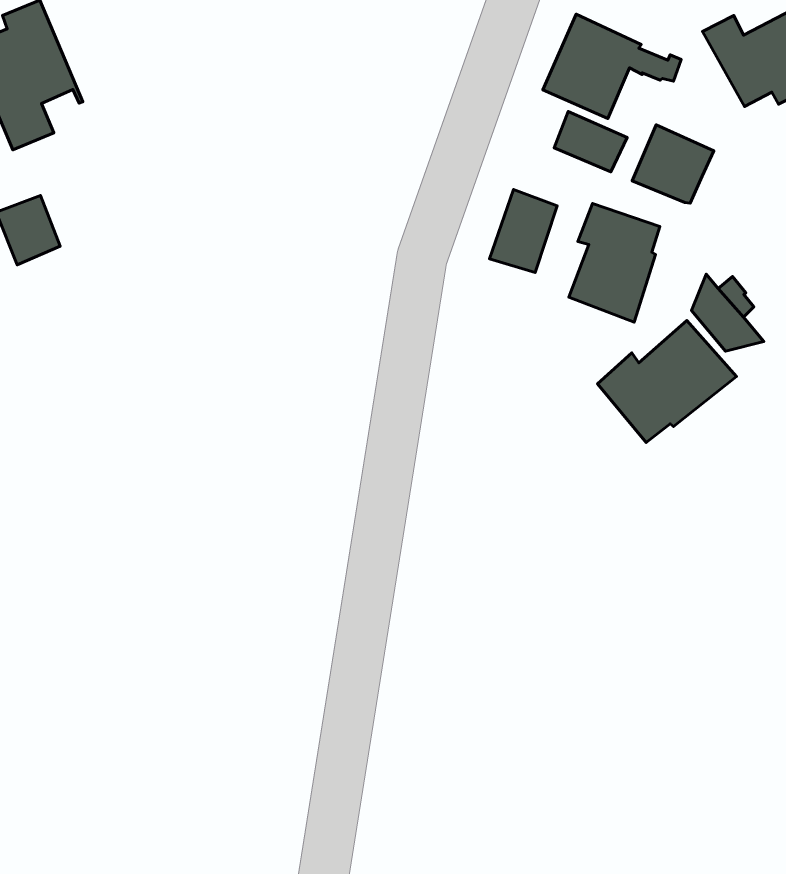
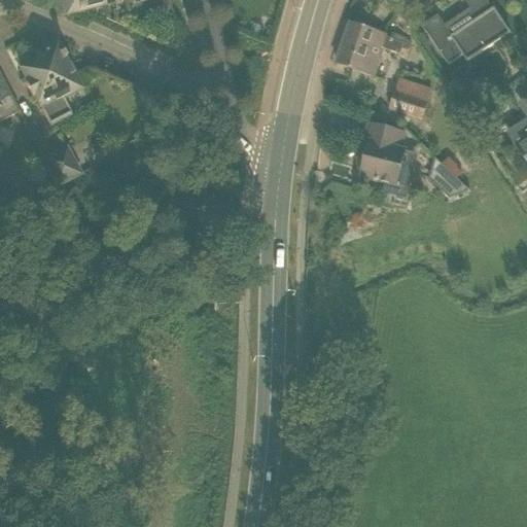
building: [554,112,627,172] -> none
building: [490,190,557,272] -> none
building: [597,321,737,442] -> none

